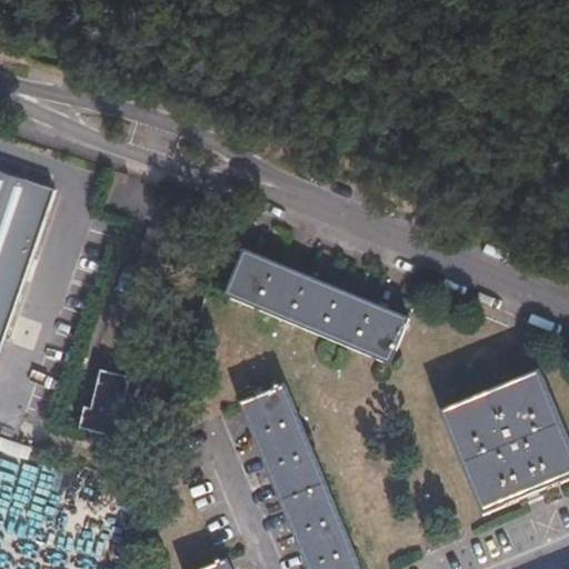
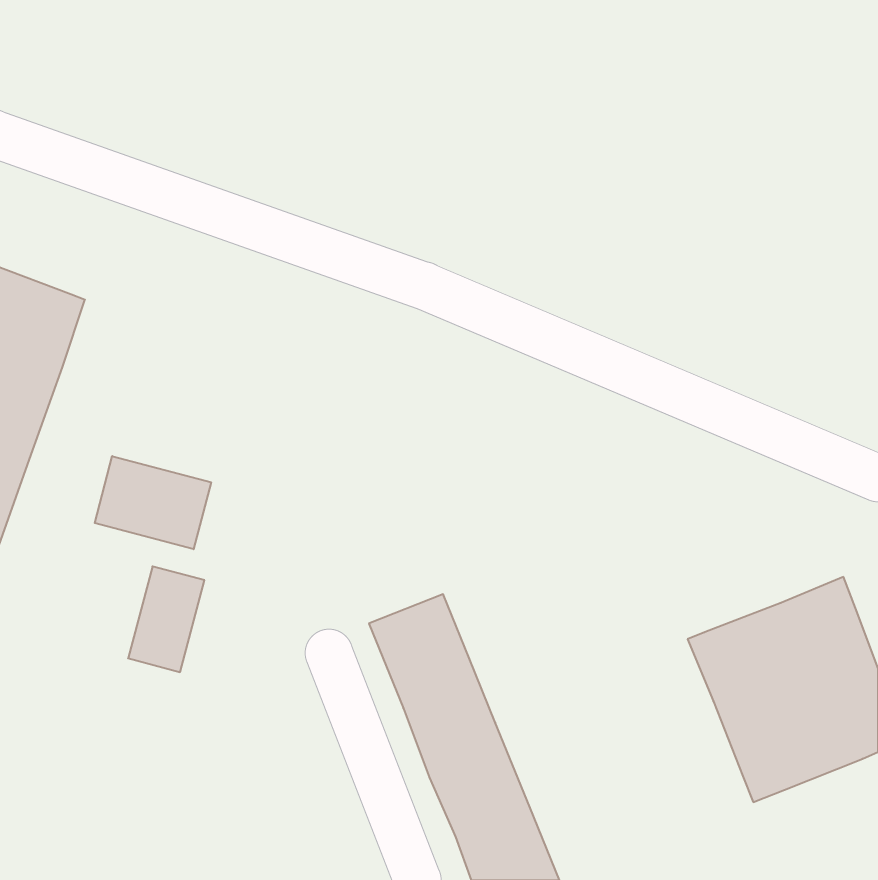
building: [224,248,411,366] -> none
building: none -> [95,456,211,549]

